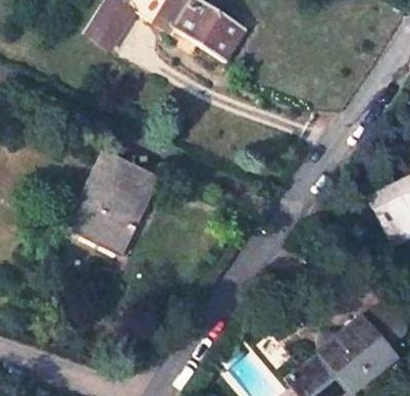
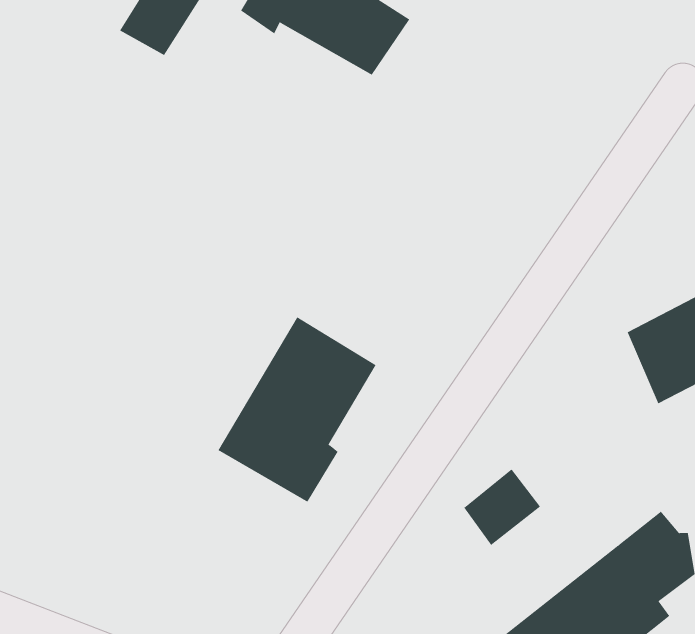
building: [66,153,156,258] -> [217,316,376,502]
building: none -> [463,469,541,546]

